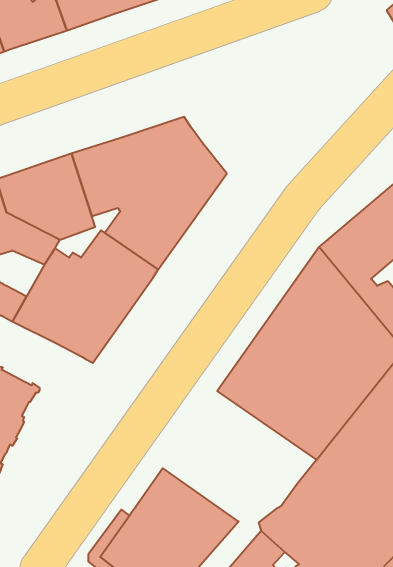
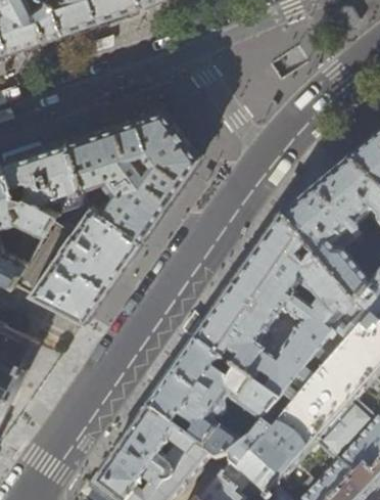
building: none -> [147,344,280,460]

